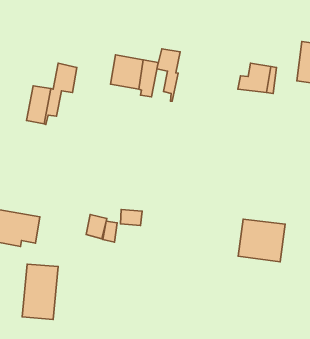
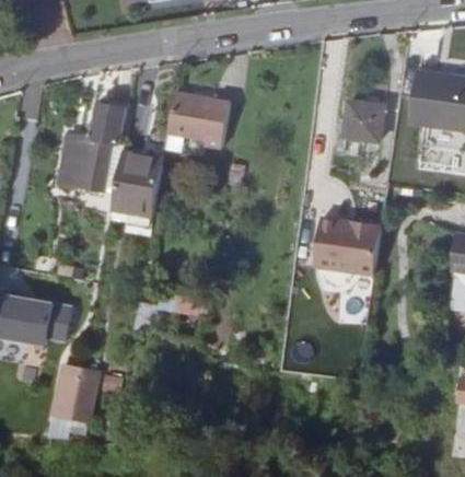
building: [157,49,180,101] -> none
building: none -> [108,151,161,216]
building: [238,219,285,262] -> [319,214,381,270]

